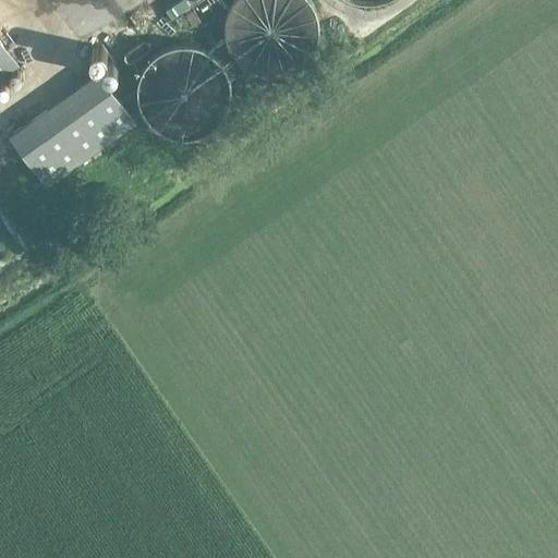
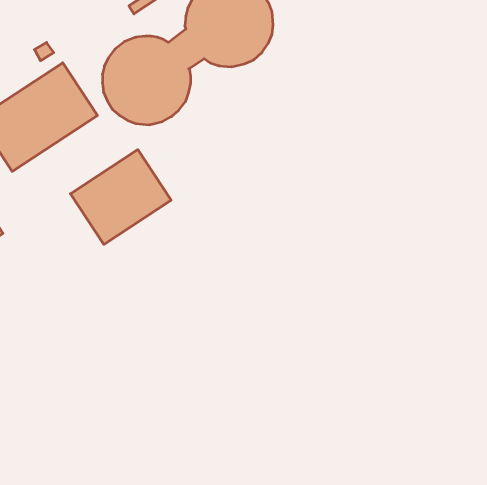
building: none -> [70,150,171,244]

